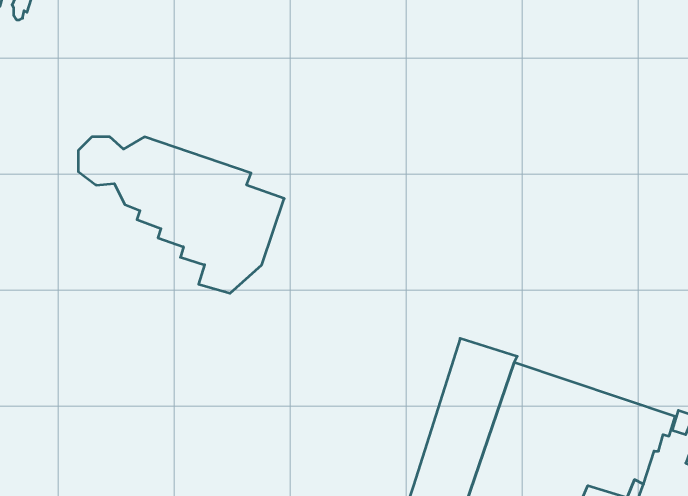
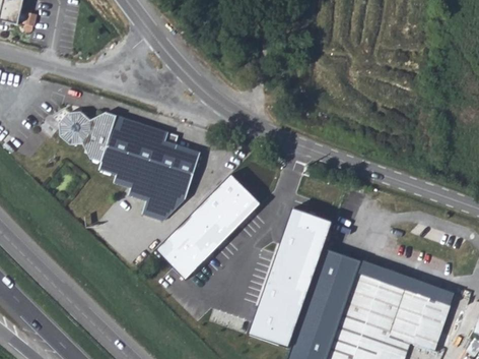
building: none -> [156,175,260,280]
building: none -> [246,208,332,348]

